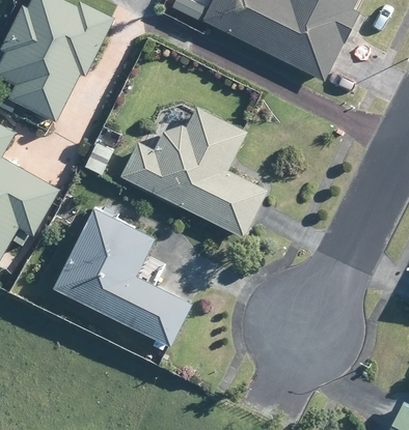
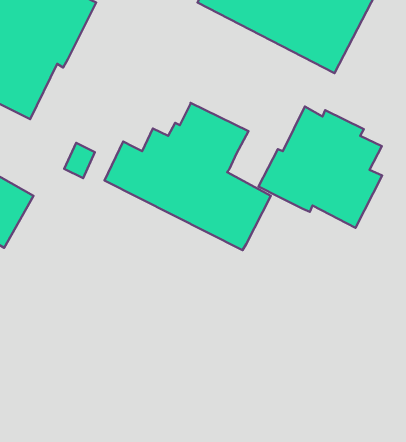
building: none -> [258,106,382,228]
building: [51,208,190,347] -> none

